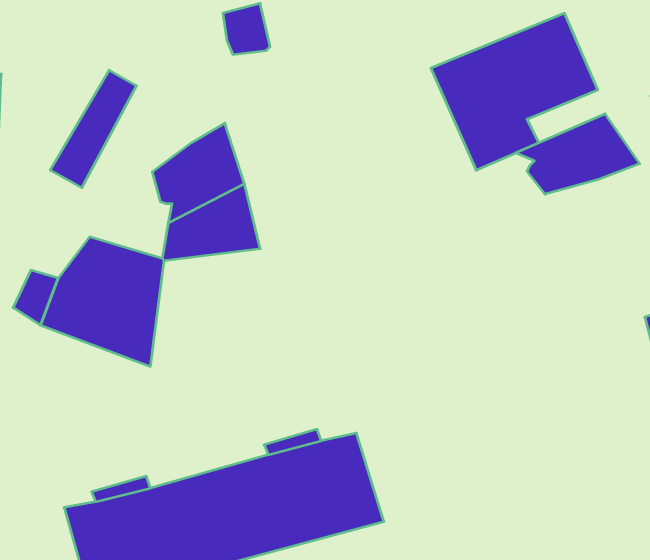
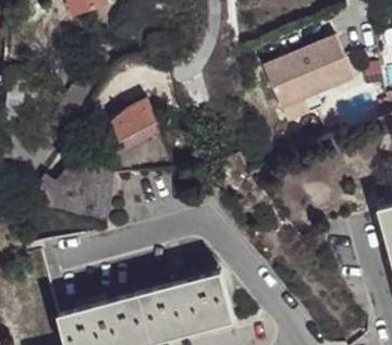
building: [515,114,640,194] -> none

